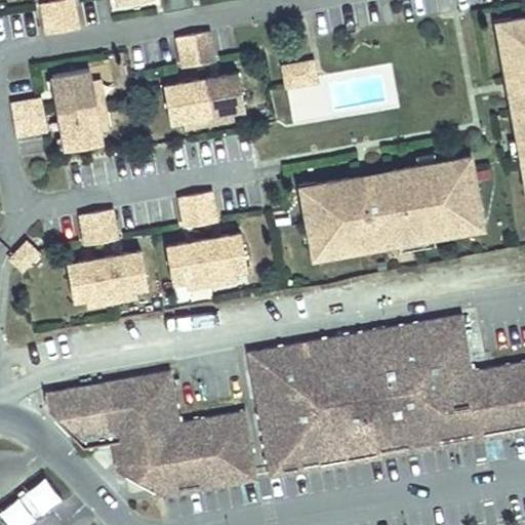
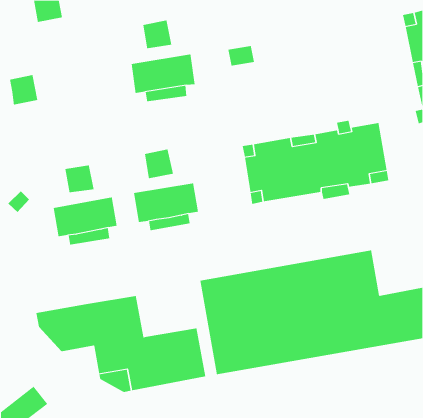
building: [52,69,102,150] -> none

